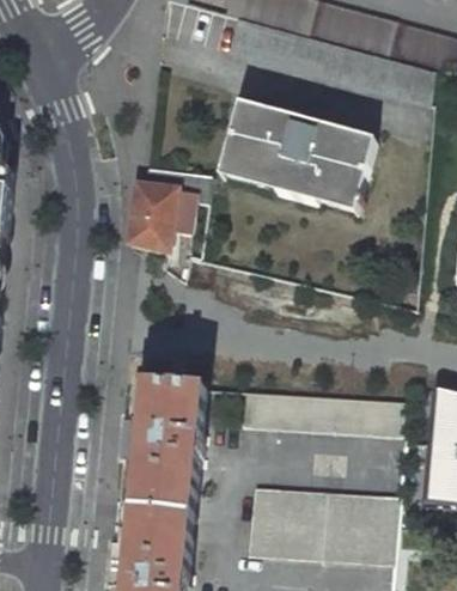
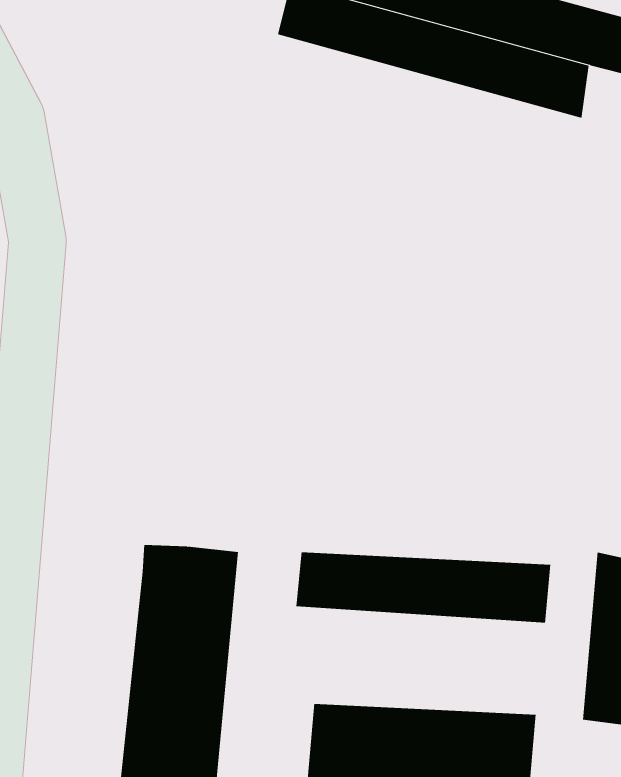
building: [218,102,372,206] -> none
building: [123,164,207,250] -> none

